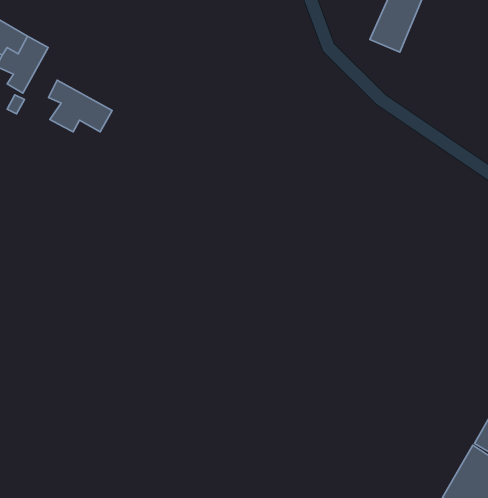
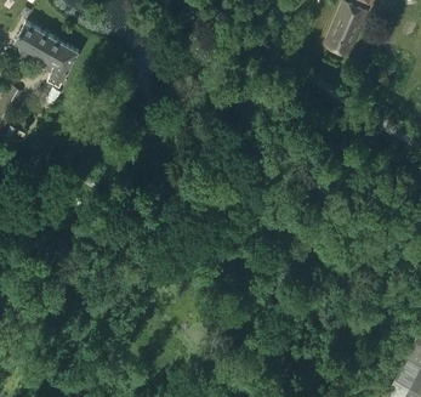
building: [49,80,112,132] -> none

